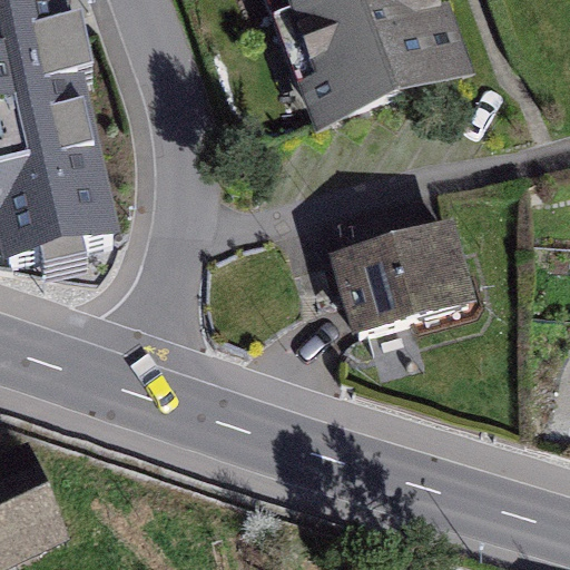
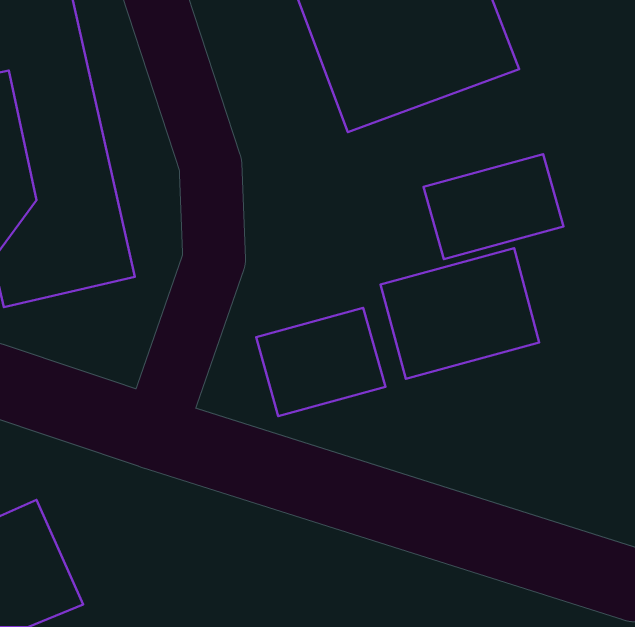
building: none -> [424,154,563,259]
building: none -> [256,308,385,416]

